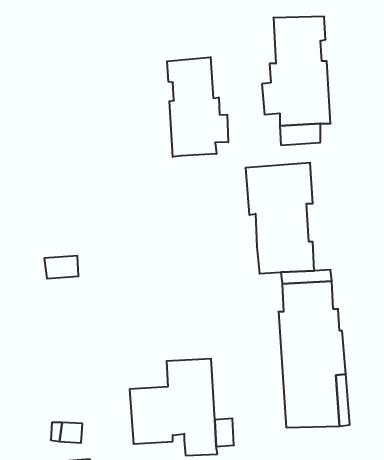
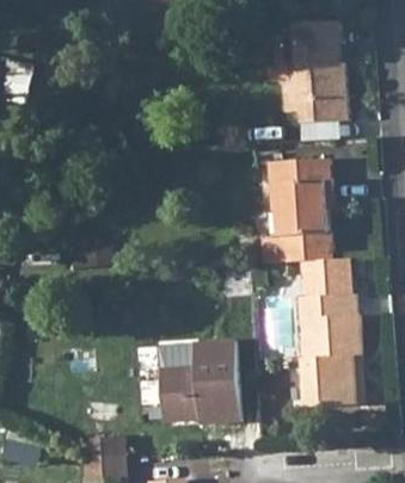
building: [167,57,228,157] -> none

